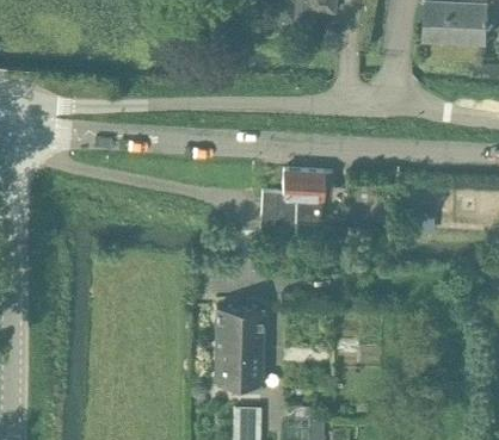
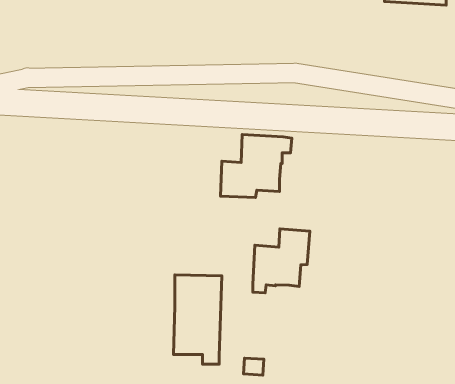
building: none -> [253,229,310,293]

